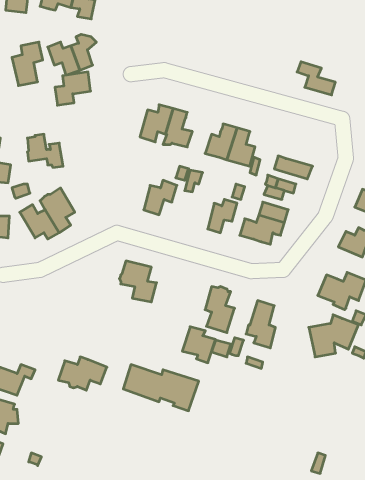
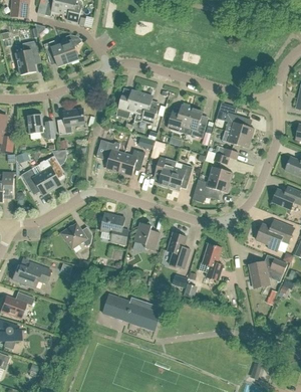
building: [297,62,335,95] -> [224,112,254,138]
building: [55,72,91,105] -> [56,108,84,134]
building: none -> [95,139,123,172]
building: none -> [155,157,176,187]
building: none -> [59,222,91,248]
building: [182,327,216,363] -> [133,222,160,250]
building: [58,357,107,390] -> [11,261,49,287]

